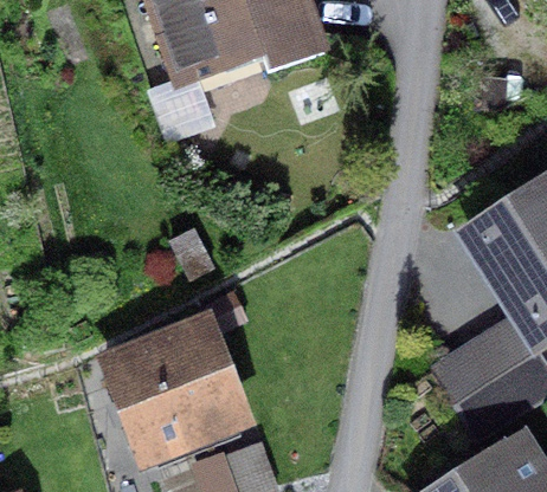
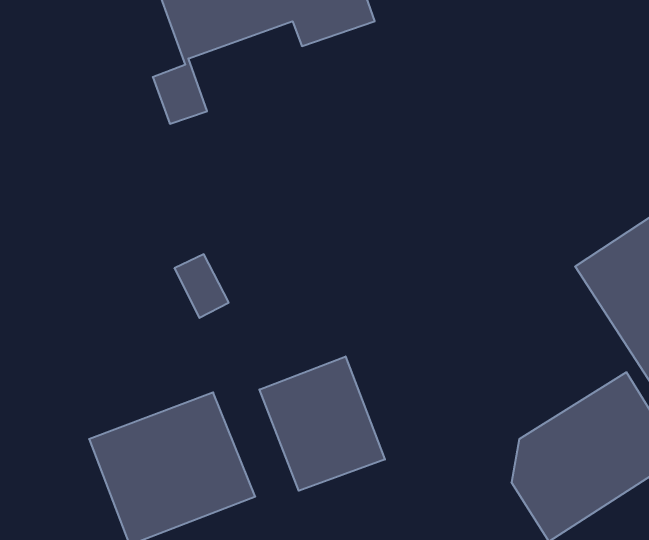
building: none -> [259,356,385,491]

